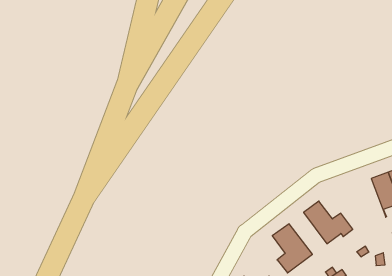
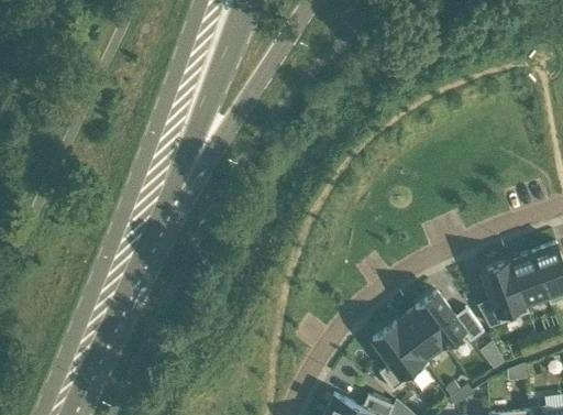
building: none -> [481,261,528,324]
building: none -> [396,307,448,364]

